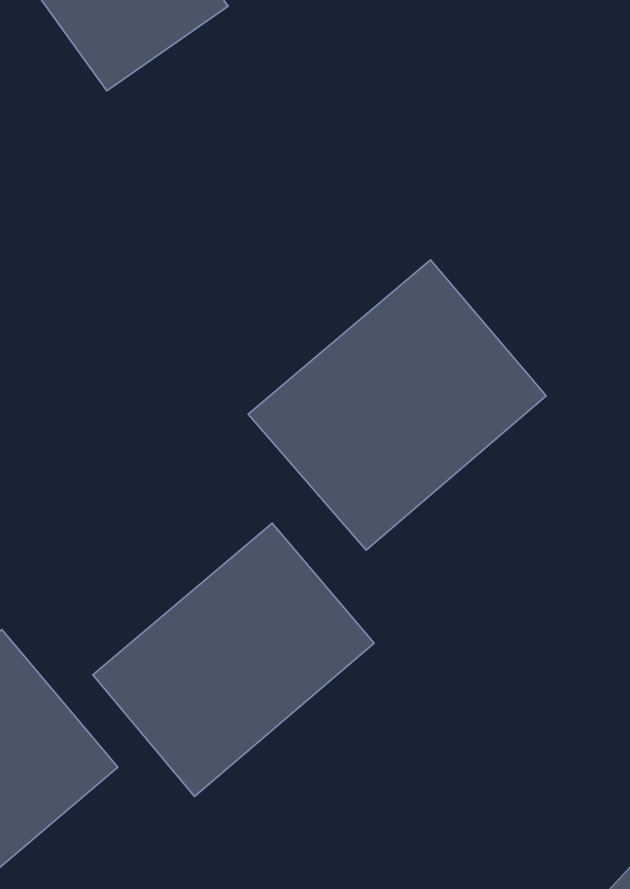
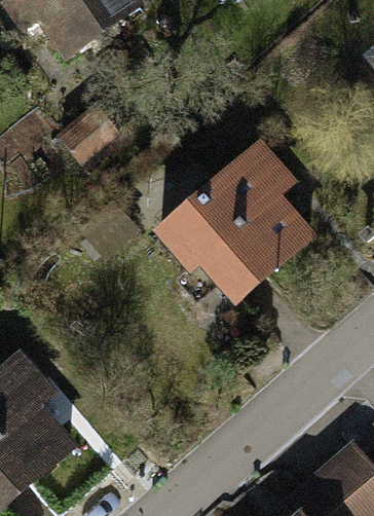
building: [93,523,374,796] -> none

